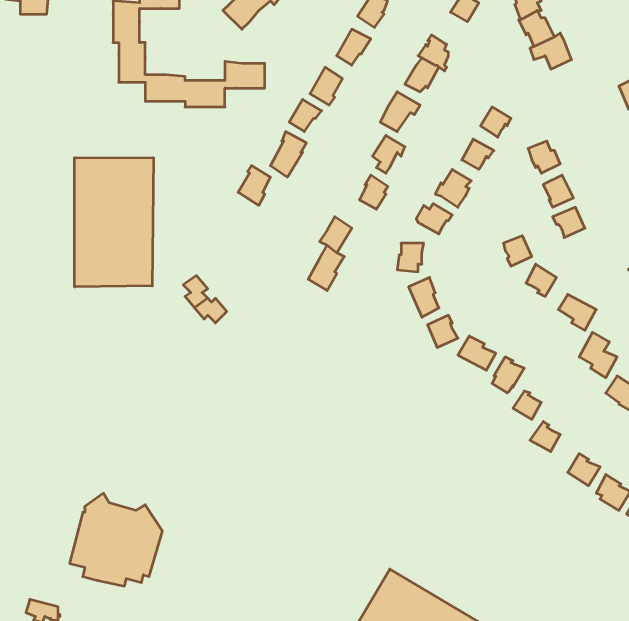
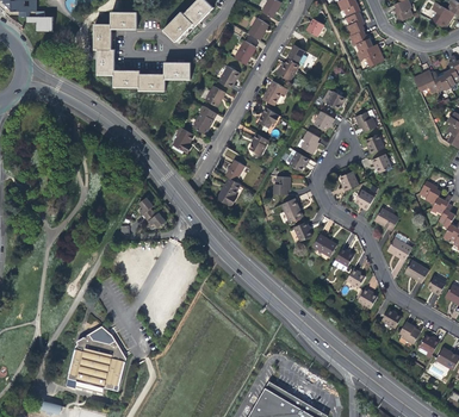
building: [75,158,153,287] -> none

